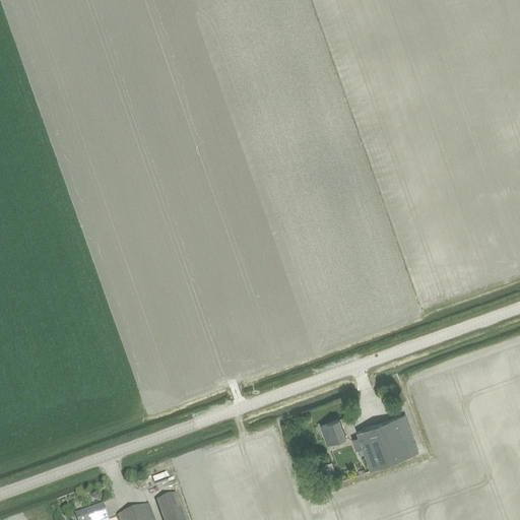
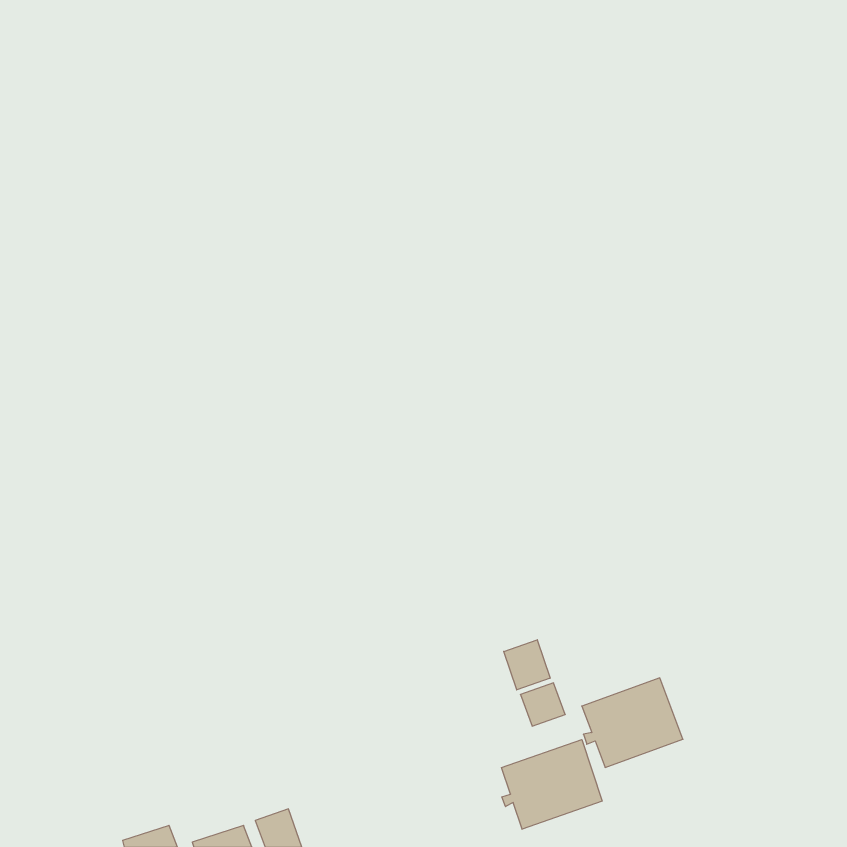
building: none -> [504,640,550,690]
building: none -> [502,740,602,829]

